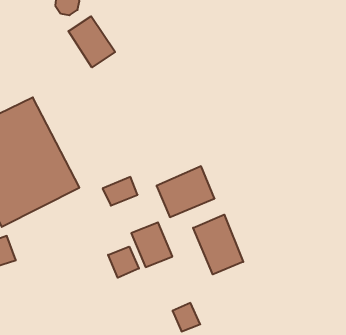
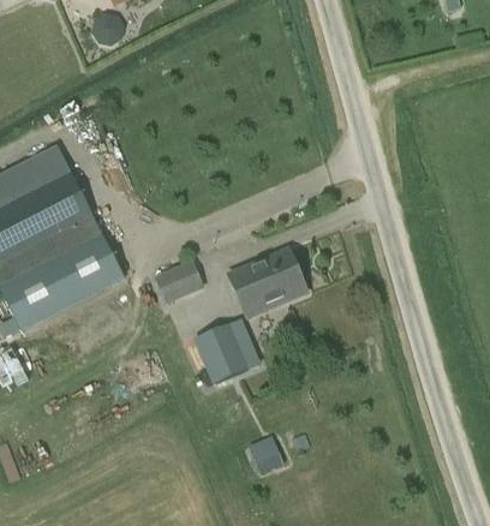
building: [68,16,115,67] -> none
building: [193,215,243,274] -> none
building: [108,247,139,278] -> none

